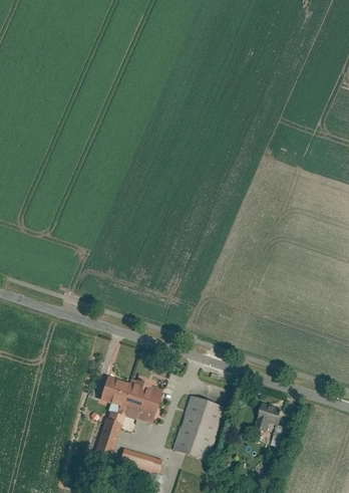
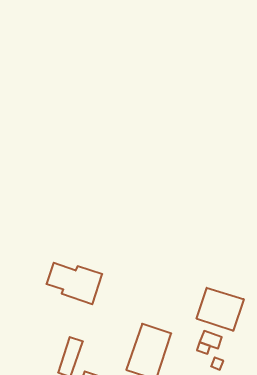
building: none -> [197,288,244,331]
building: [100,376,163,423] -> [46,263,102,304]

